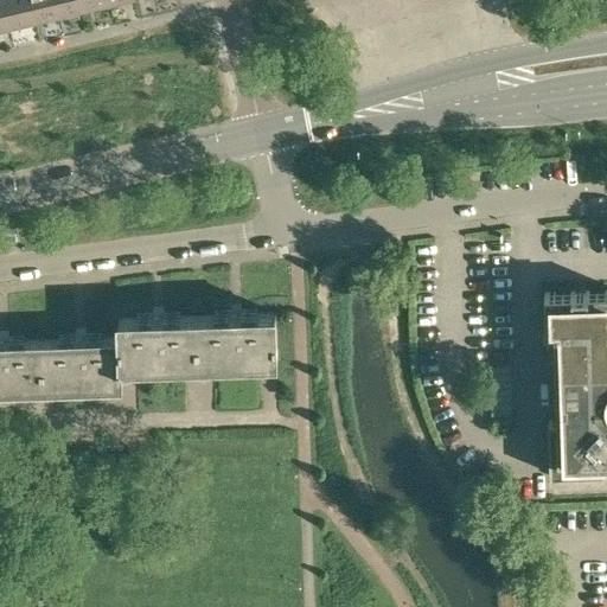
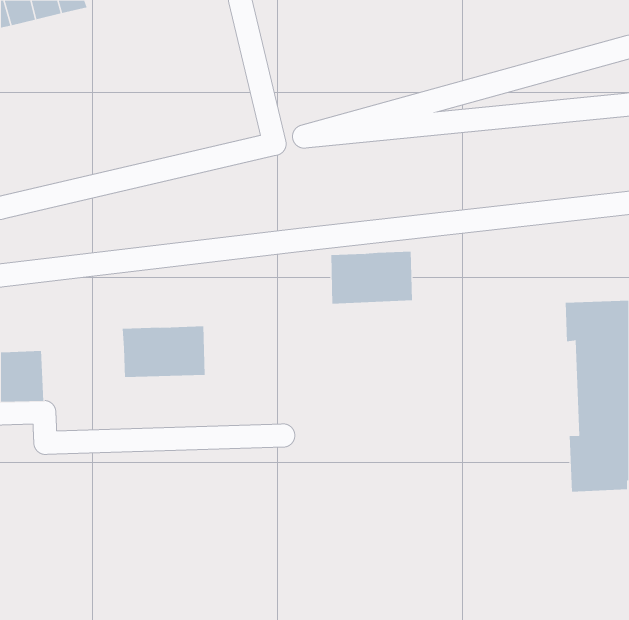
building: [197,319,276,370] -> [330,251,413,304]
building: [40,344,121,395] -> none

